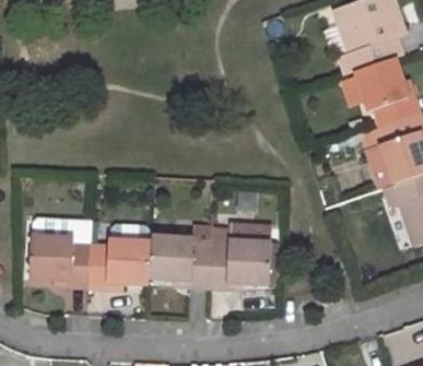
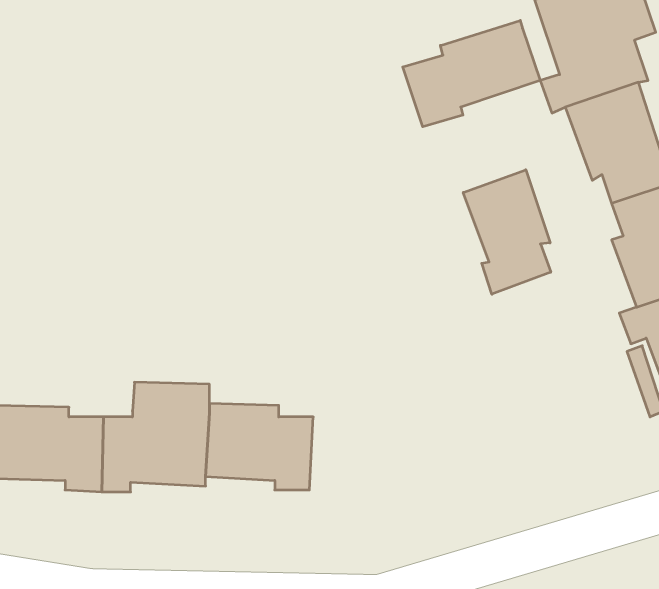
building: none -> [403,20,540,127]
building: none -> [463,170,551,294]
building: [208,211,268,290] -> none

